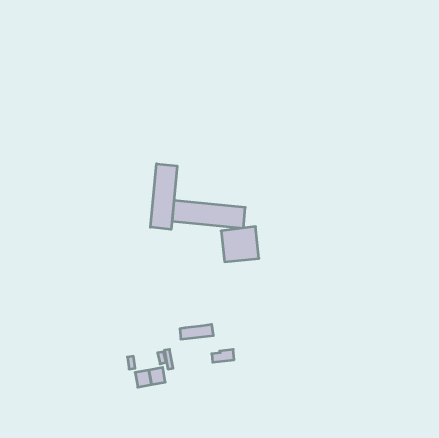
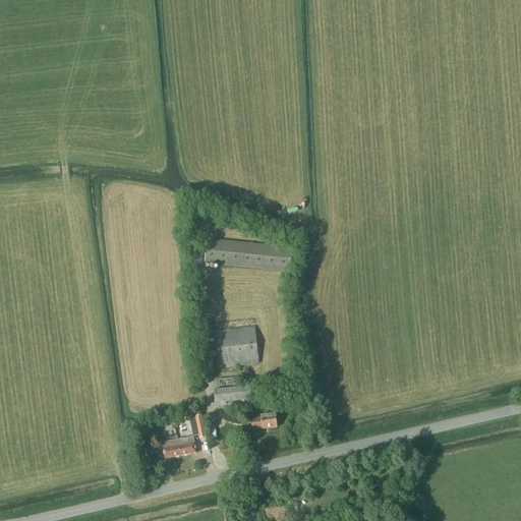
building: [150,164,177,229] -> none
building: [221,227,259,262] -> [214,325,258,366]

